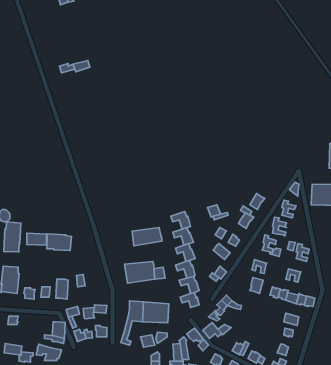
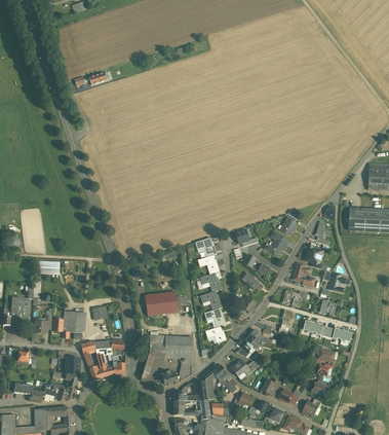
building: [4,222,21,252] -> none
building: [132,228,162,246] -> none
building: [47,234,71,250] -> none

